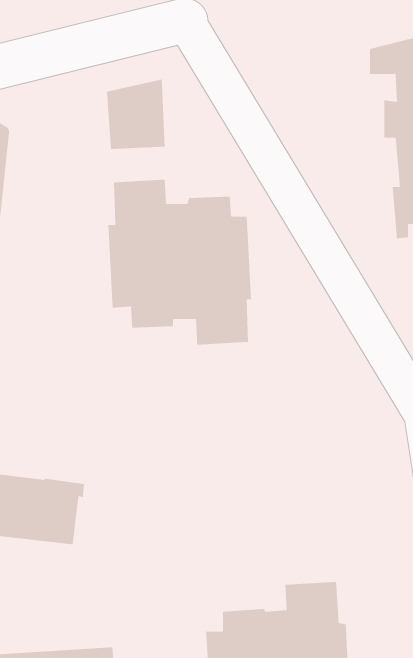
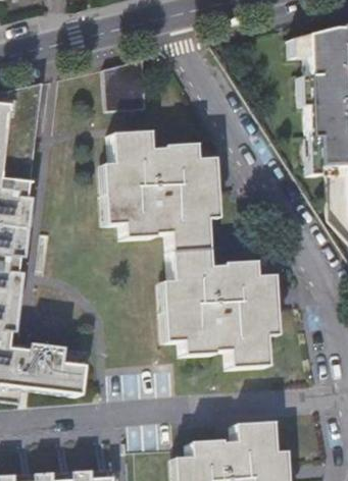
building: none -> [161,250,265,369]

